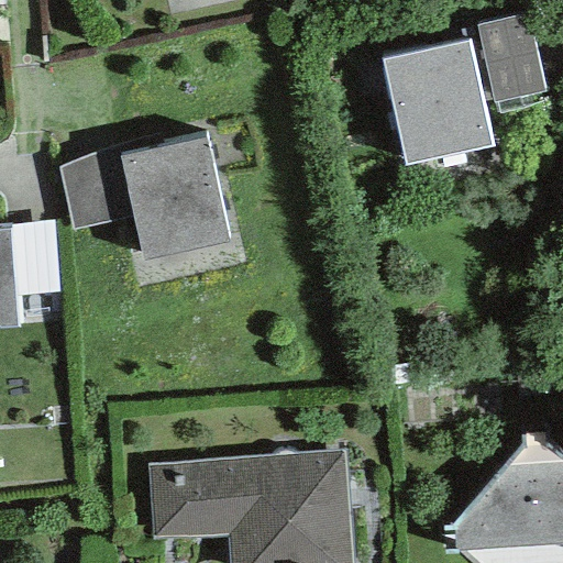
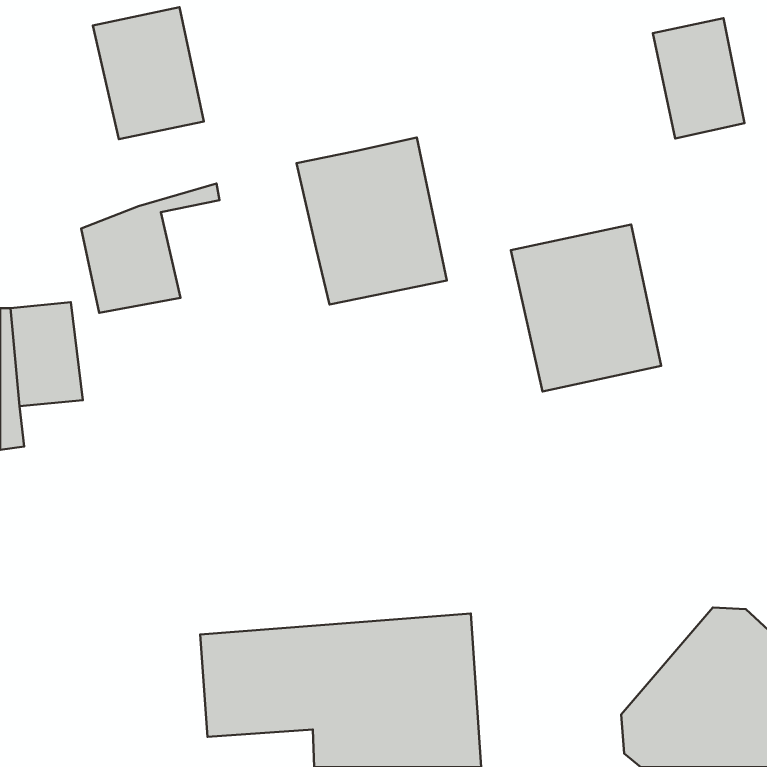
building: none -> [93,7,204,139]
building: [383,42,493,164] -> [511,224,661,391]
building: [119,136,229,258] -> [297,138,447,305]

